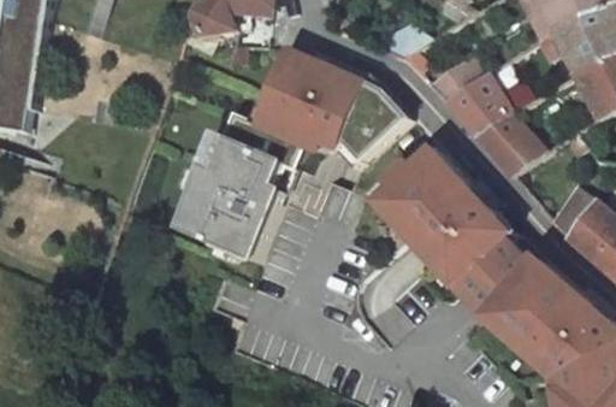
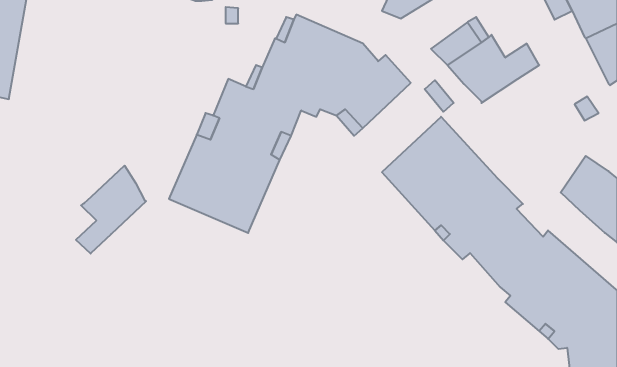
building: [474,112,543,175] -> none
building: none -> [76,166,146,254]

